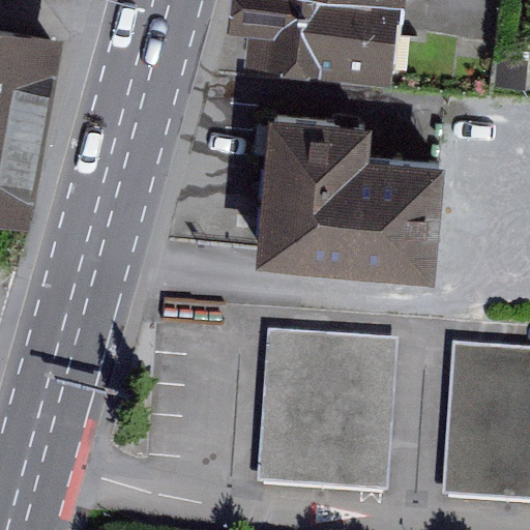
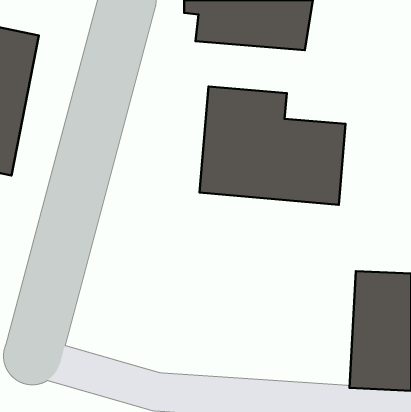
building: [260,336,398,494] -> none

